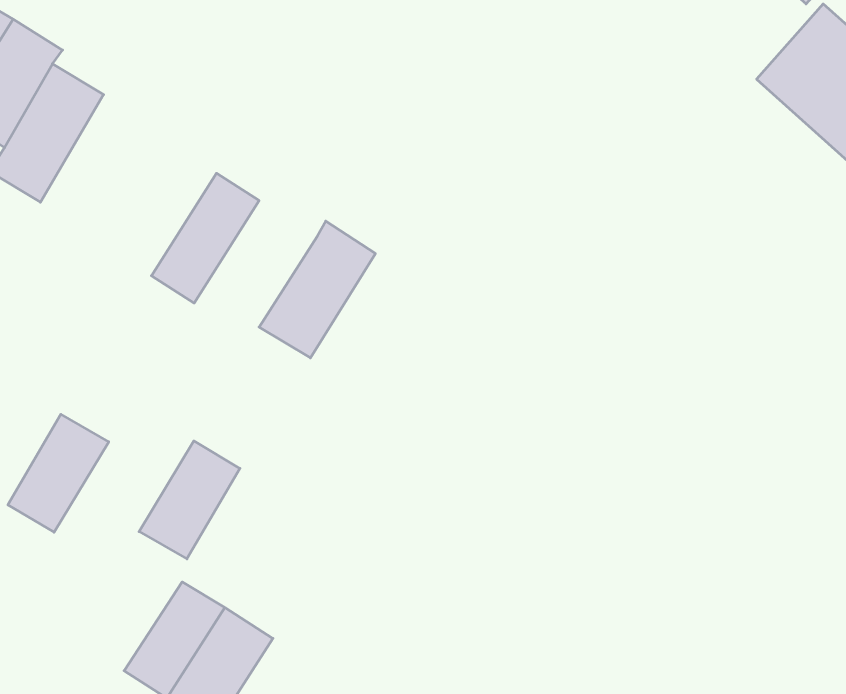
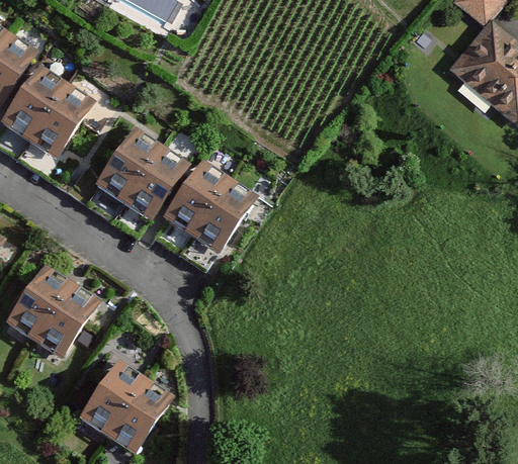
building: none -> [28,79,95,160]
building: none -> [119,142,192,223]
building: none -> [188,173,256,253]
building: [139,441,240,559] -> [36,284,96,354]

